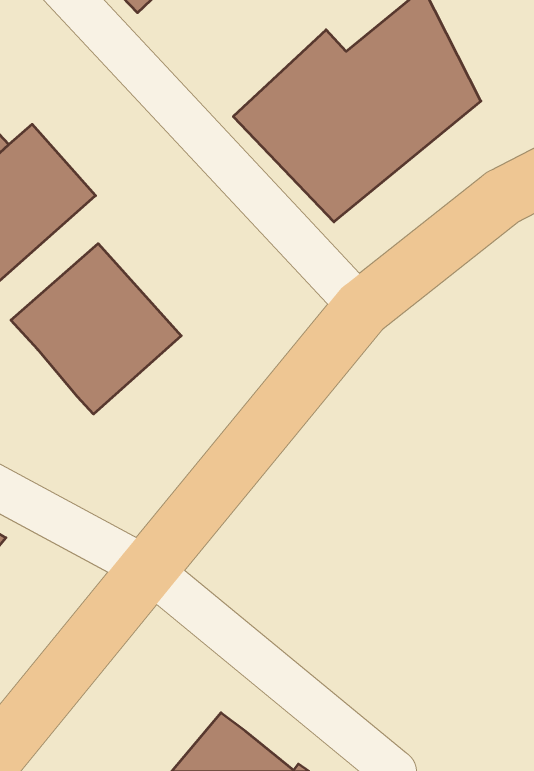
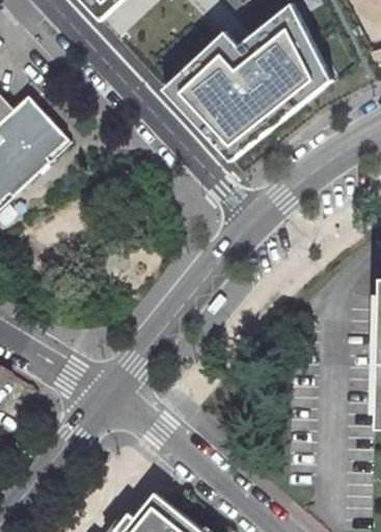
building: [11,244,181,414] -> none

